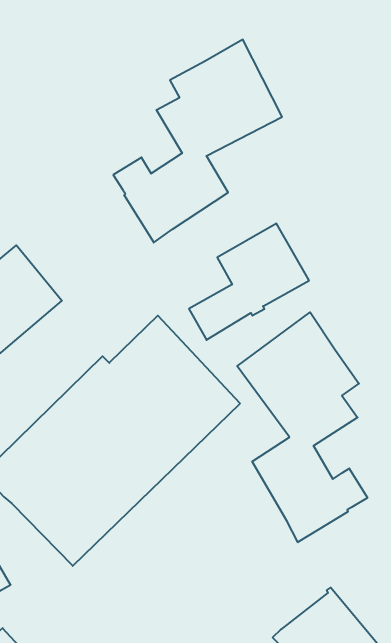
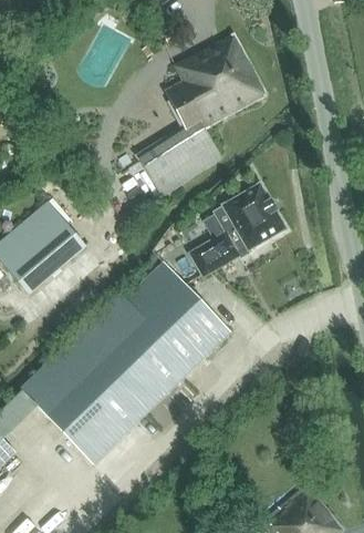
building: [237,312,367,542] -> none

